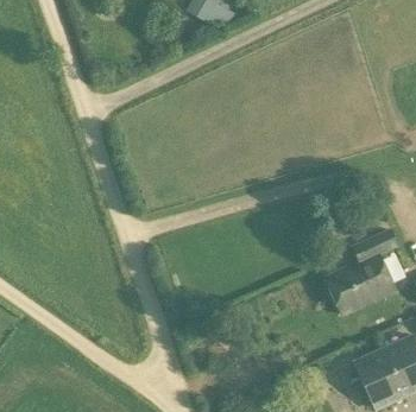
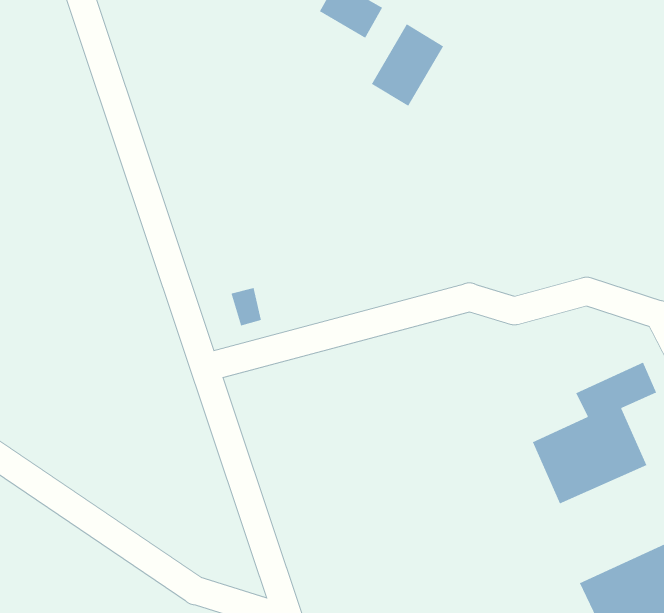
building: none -> [371,23,444,107]

